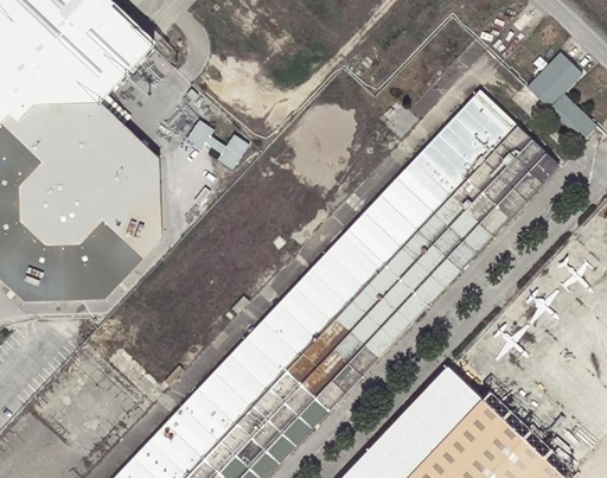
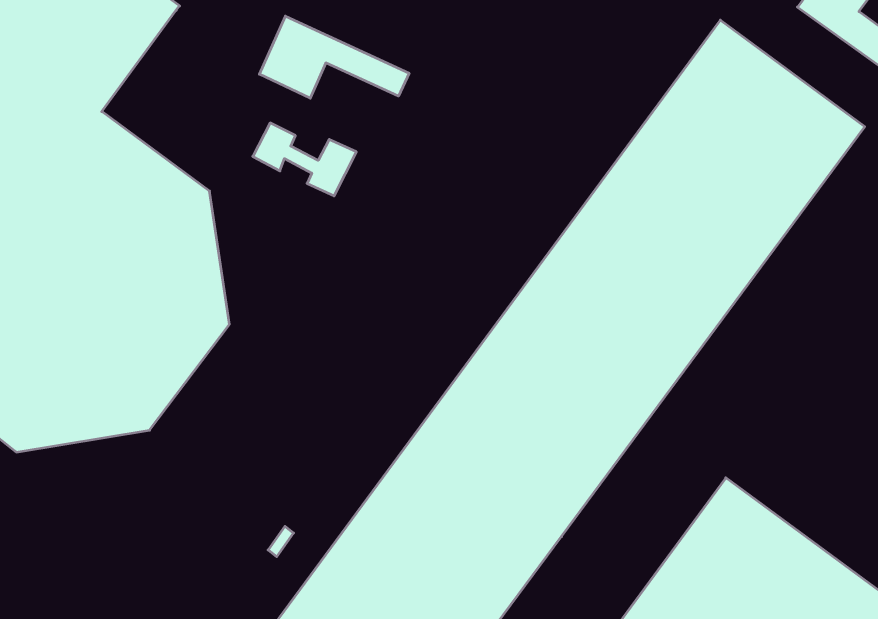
building: none -> [259,16,409,98]

